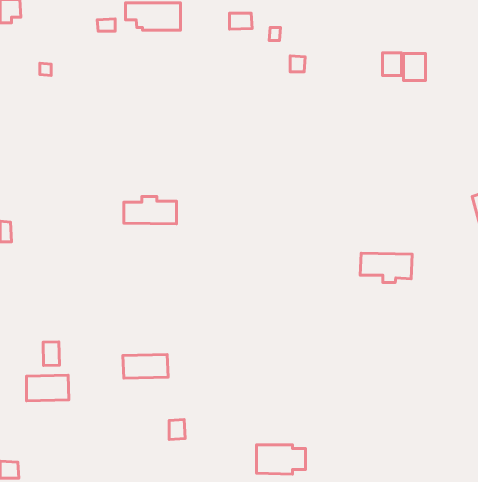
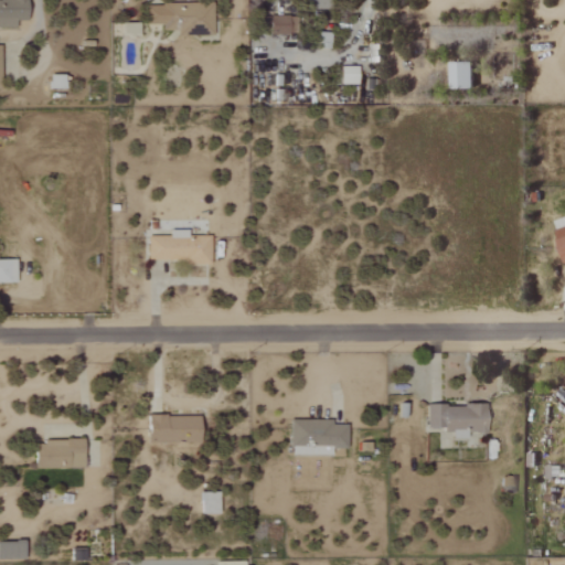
building: [404,54,425,80] -> none
building: [360,253,412,283] -> [428,403,489,437]
building: [43,342,59,366] -> none
building: [256,445,306,474] -> [292,419,350,454]

